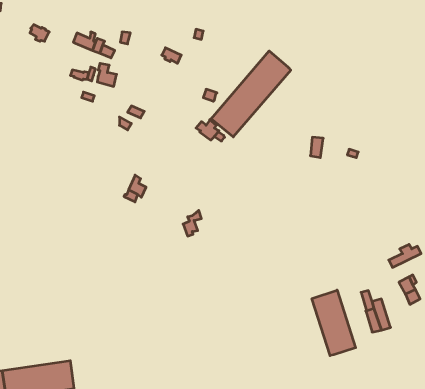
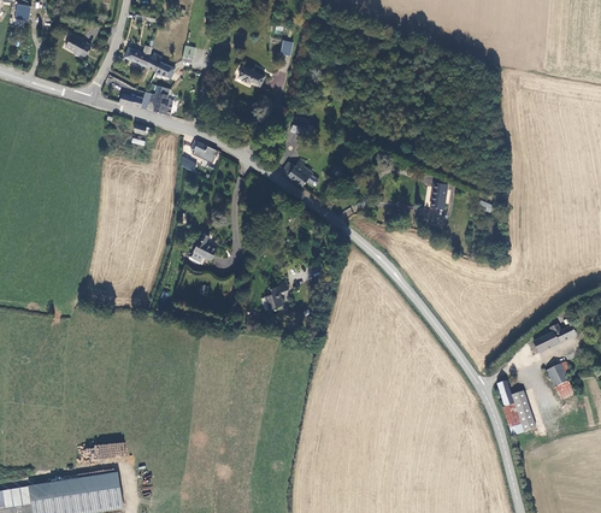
building: [211,51,291,137] -> none
building: [312,290,356,356] -> none

